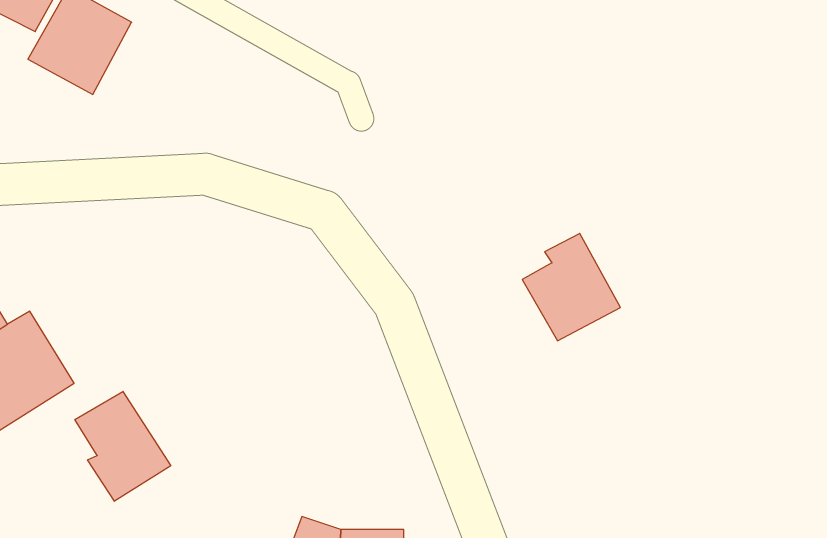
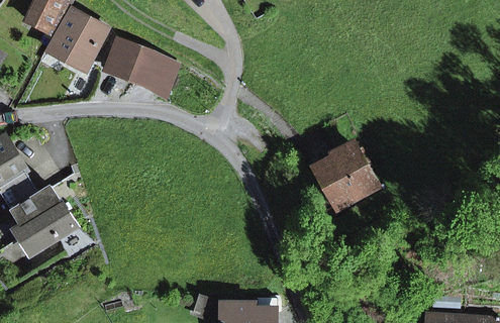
building: none -> [107,39,178,94]
building: [75,391,171,501] -> none

